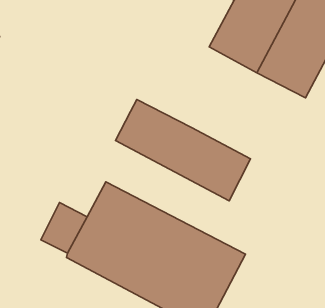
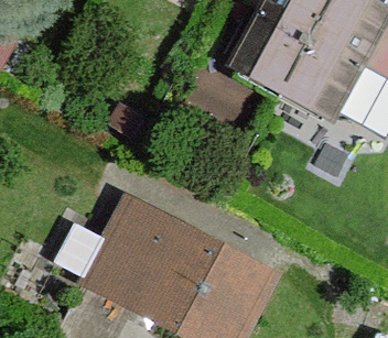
building: [115,100,251,201] -> none

